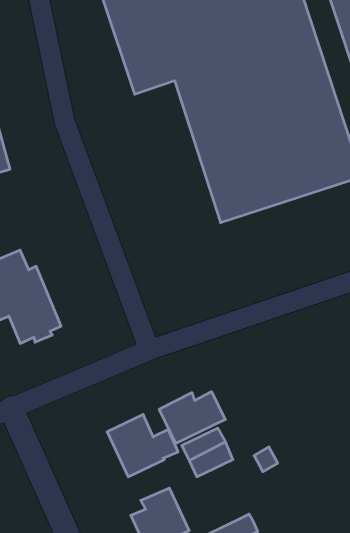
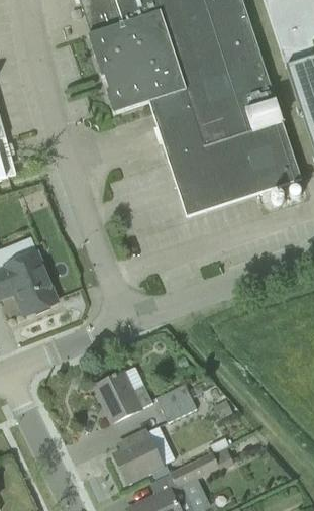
building: [159,392,225,443] -> none

